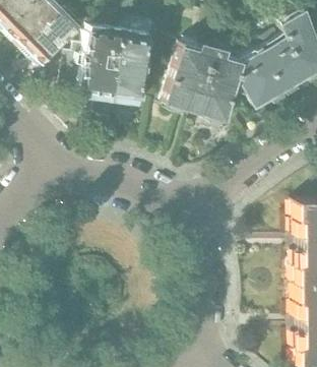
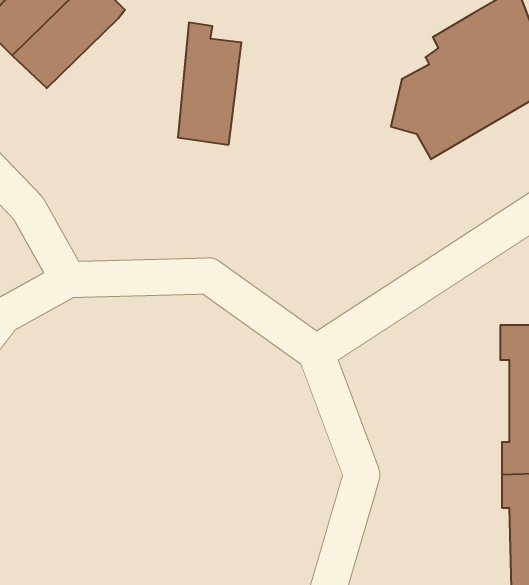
building: [64,28,119,96] -> none
building: [165,42,238,121] -> none

